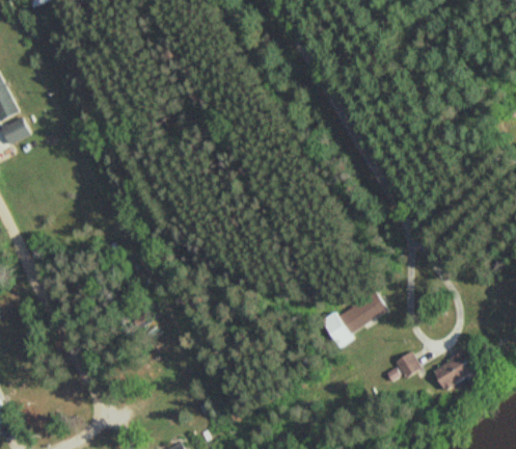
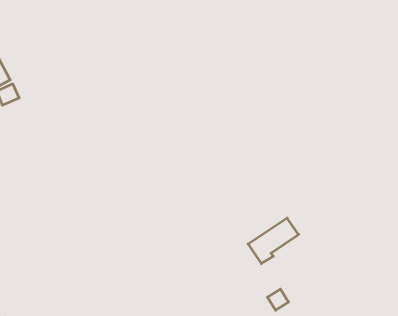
building: [395,351,422,378] -> [267,289,289,310]
building: [437,352,478,387] -> none

